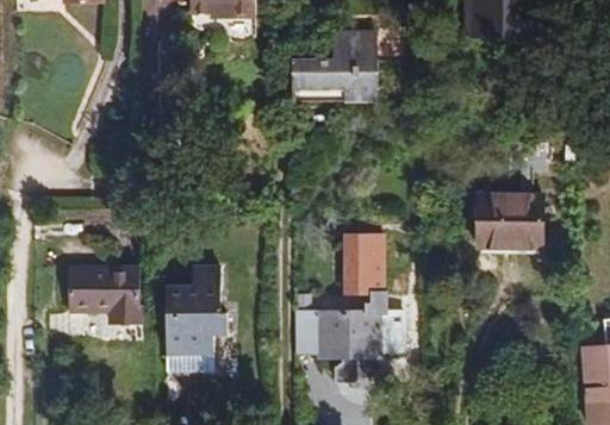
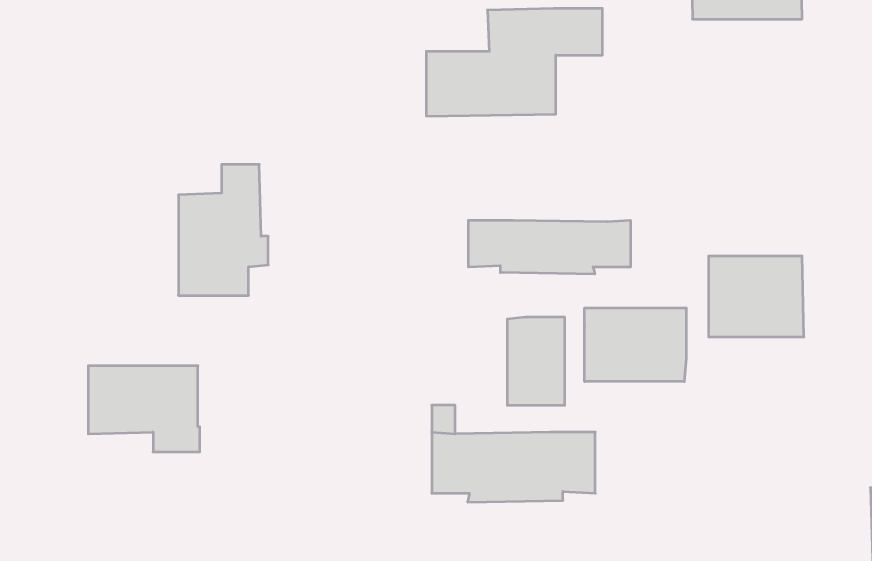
building: none -> [468,220,630,274]
building: none -> [585,308,686,382]
building: [164,265,224,352] -> [178,164,268,295]

